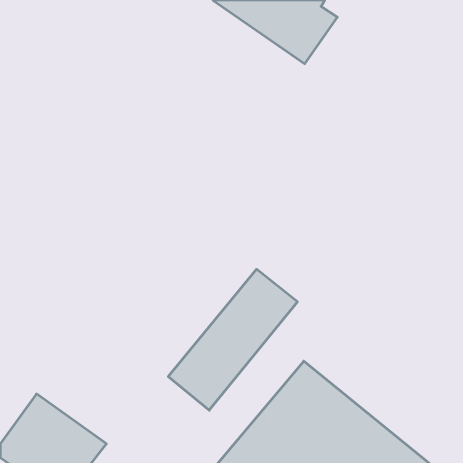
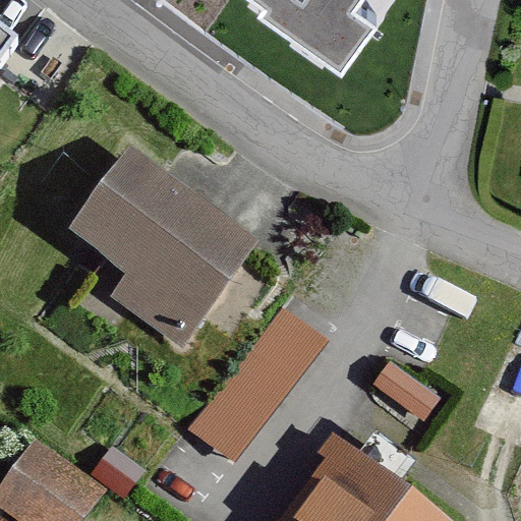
building: none -> [53,150,247,340]

